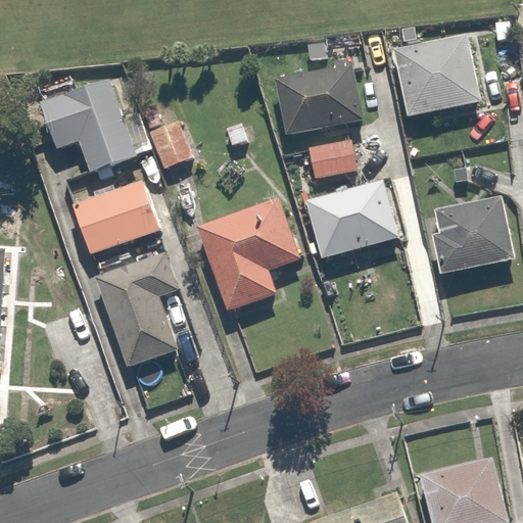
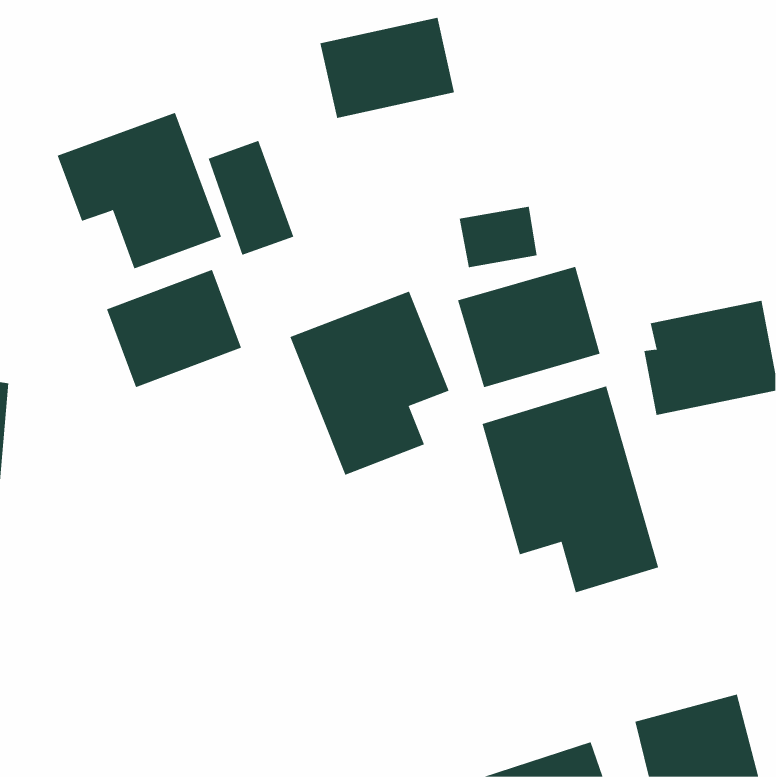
building: [392,32,489,118] -> none
building: [269,65,359,133] -> [319,17,455,119]
building: [95,248,188,369] -> none
building: none -> [482,386,659,593]

